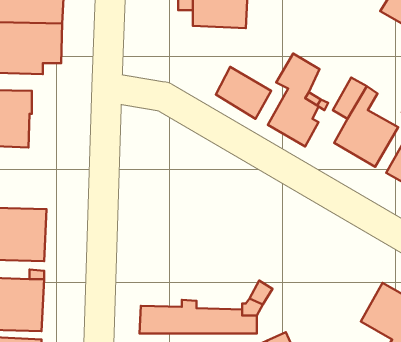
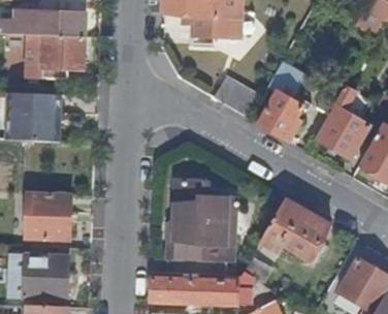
building: none -> [166,188,234,275]
building: none -> [261,198,330,259]

